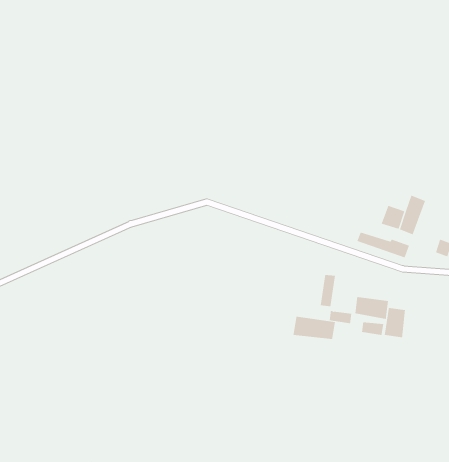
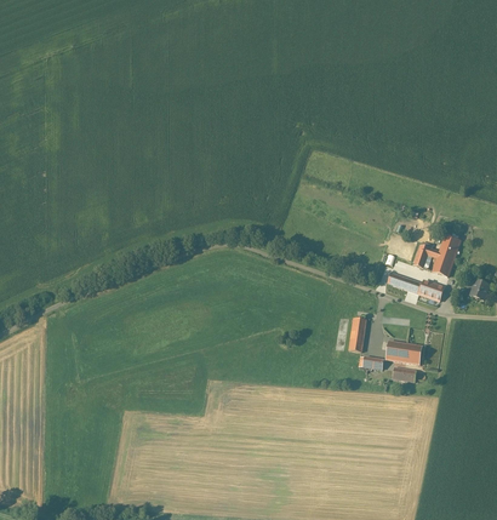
building: [384,307,406,338] -> none
building: [293,316,336,340] -> none

